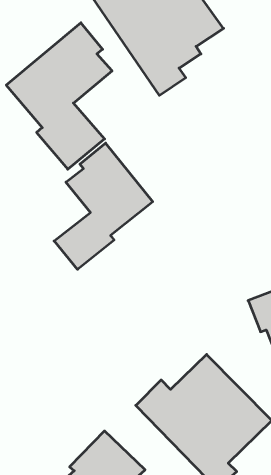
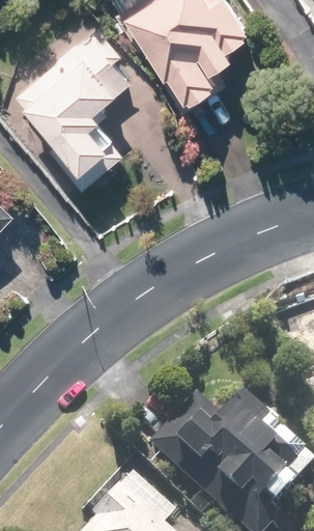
building: [54,143,153,269] -> none

